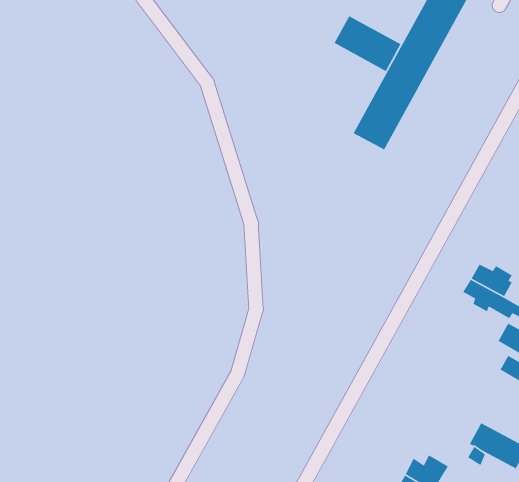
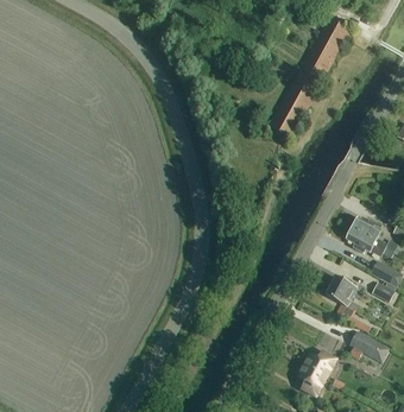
building: [333,15,402,72] -> none
building: none -> [324,277,356,306]

